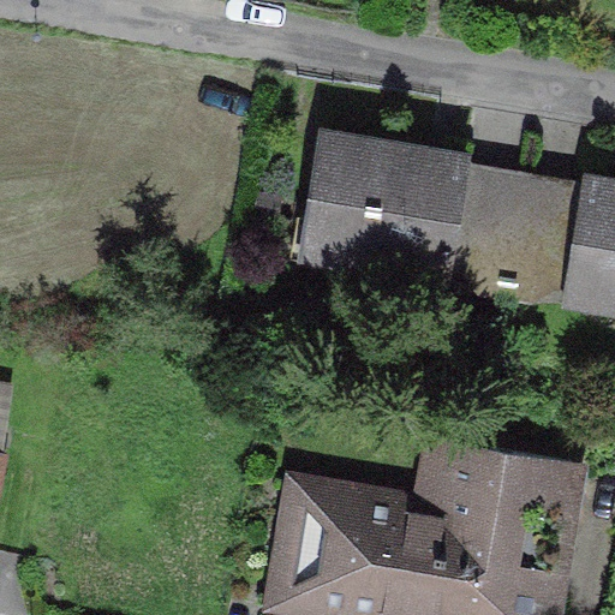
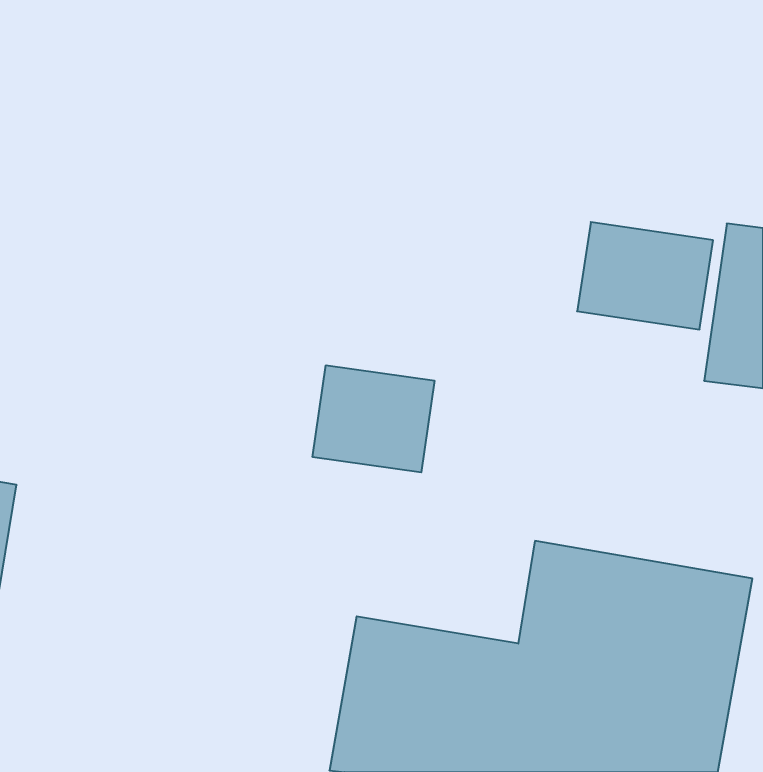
building: [295,136,458,281] -> none
building: none -> [313,365,434,472]

